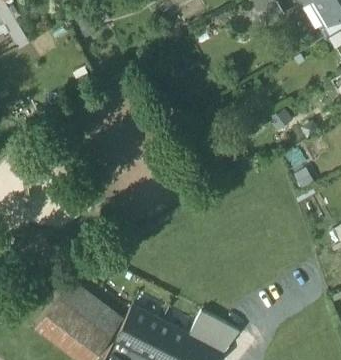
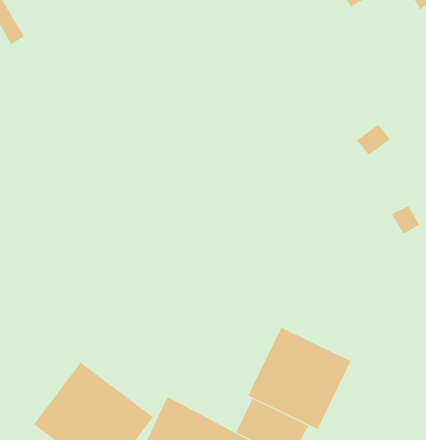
building: none -> [248,327,351,430]

